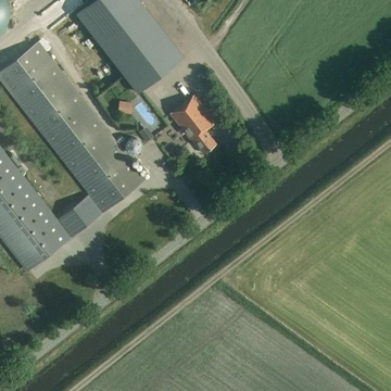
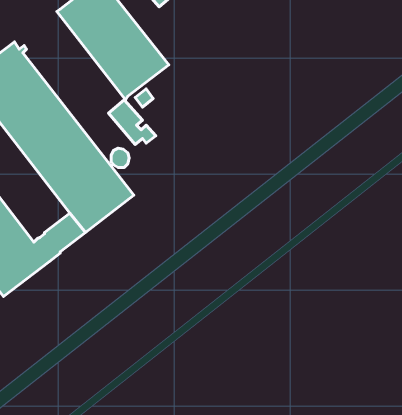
building: [171,96,217,154] -> none

